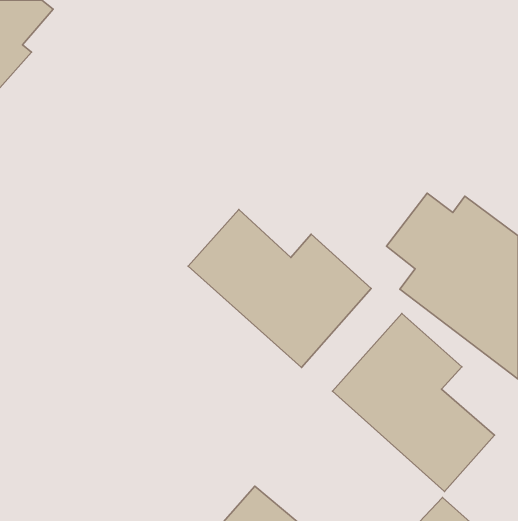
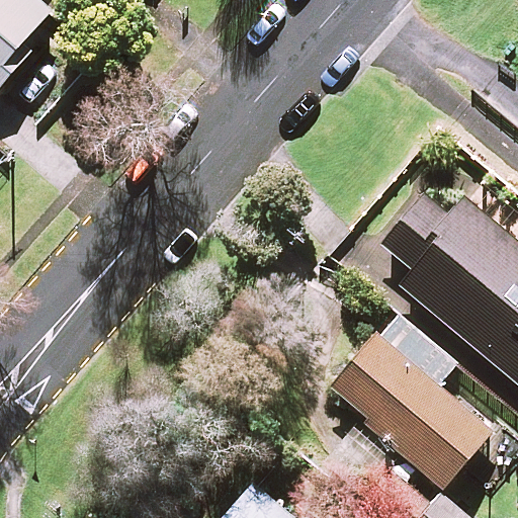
building: [188,209,371,367] -> none

